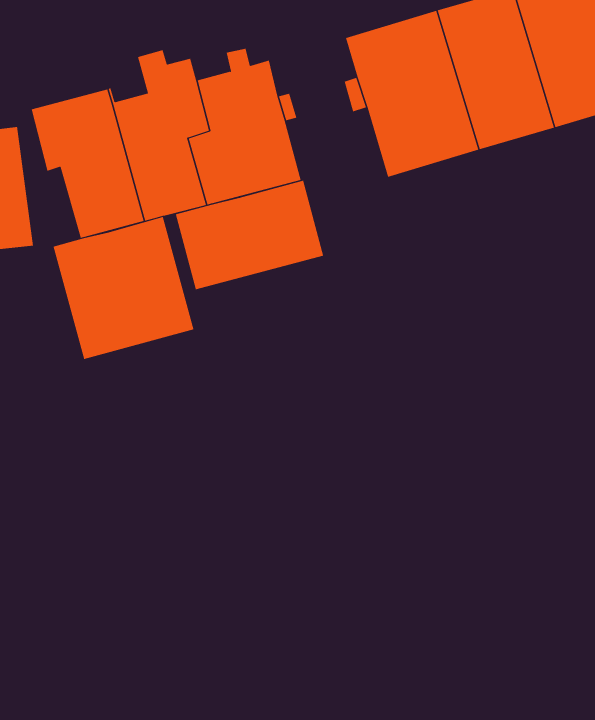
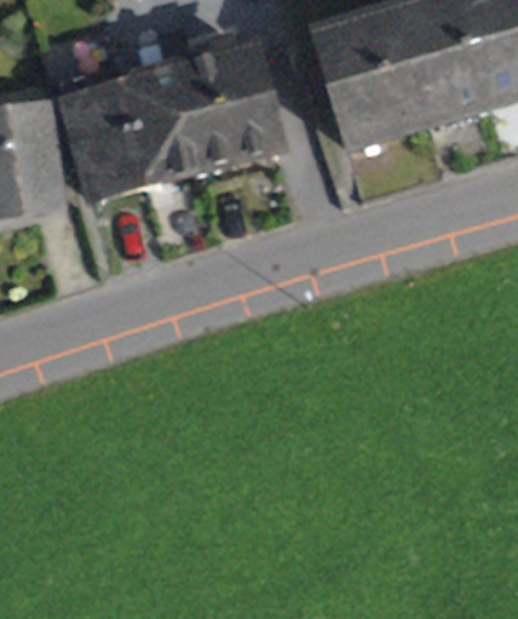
building: [175,180,324,290] -> none
building: [53,216,194,360] -> none

